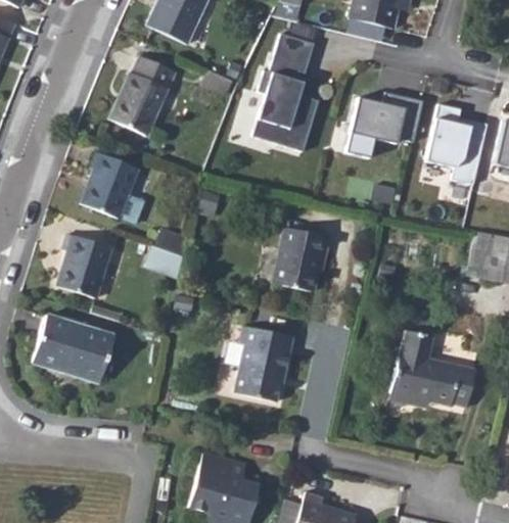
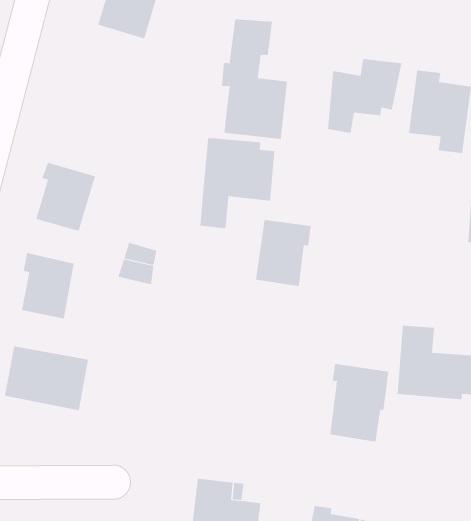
building: [106,60,175,139] -> none
building: none -> [200,137,275,229]
building: [232,324,292,399] -> [329,364,389,442]

